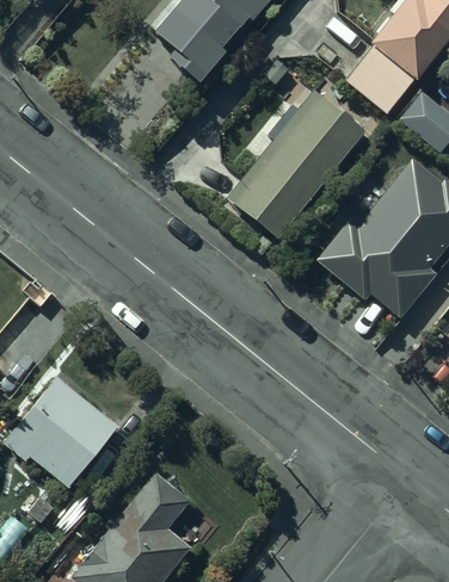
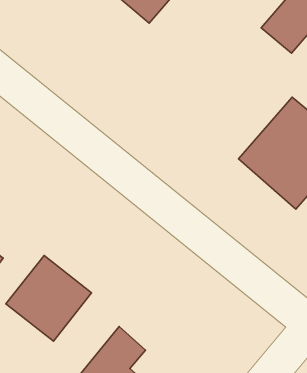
building: [224,94,364,240] -> none

